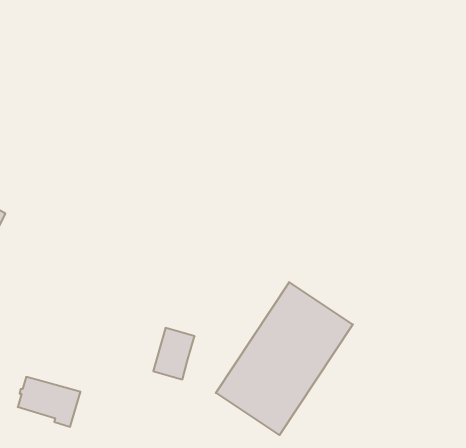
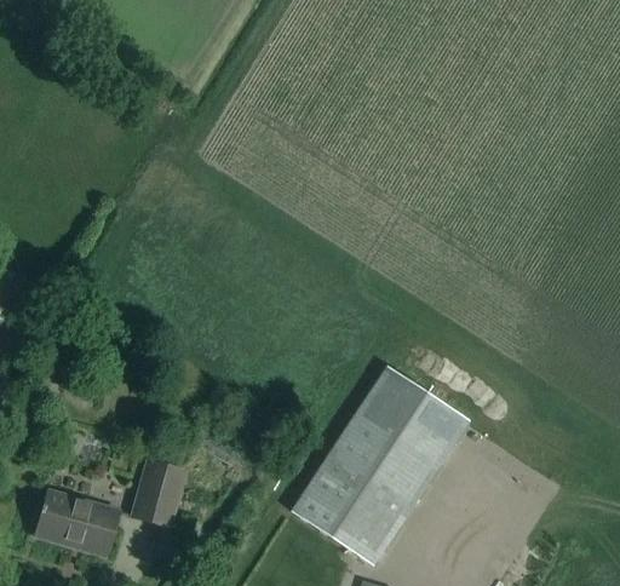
building: [153,328,195,379] -> [131,459,184,525]

